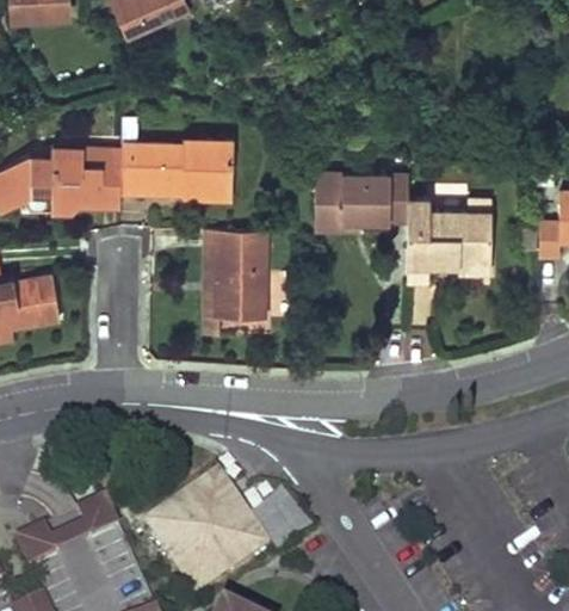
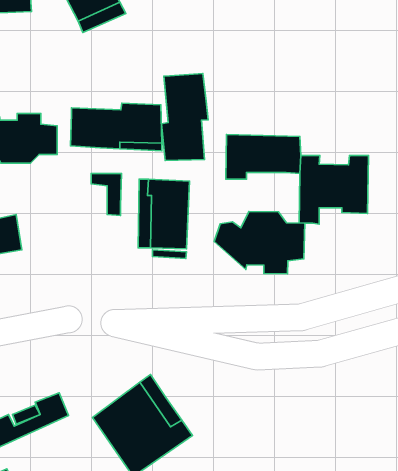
building: none -> [161,73,208,160]
building: [82,148,120,200] -> [91,173,121,215]
building: none -> [214,211,305,274]

